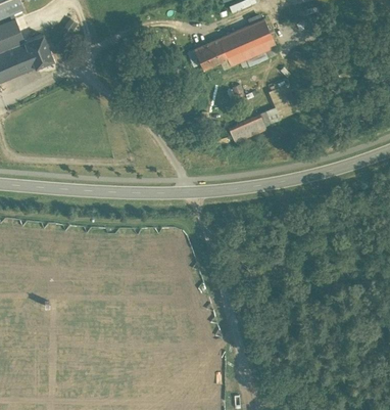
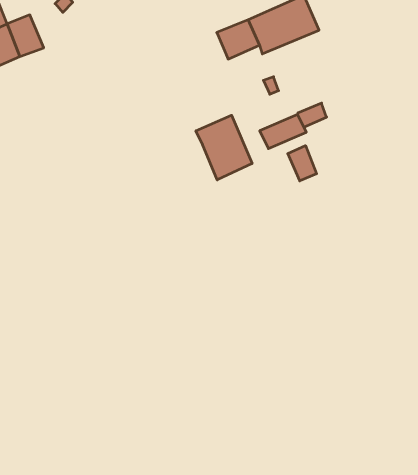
building: none -> [196,115,252,180]
building: none -> [288,146,317,181]

